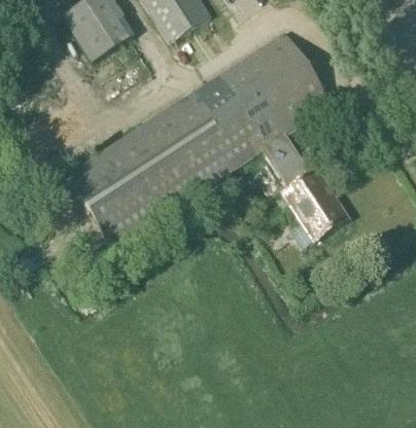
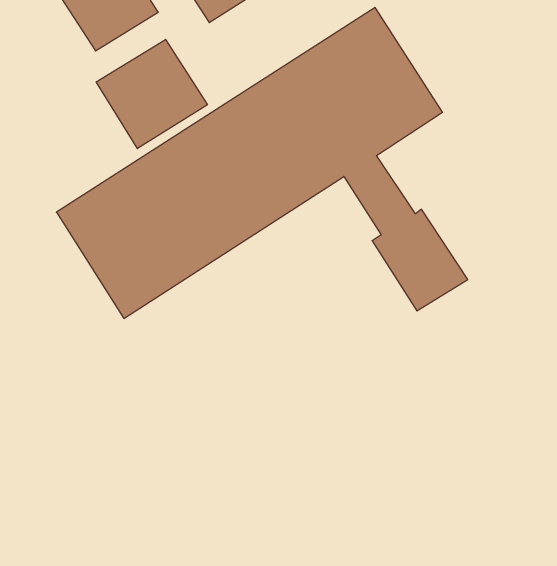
building: none -> [96,39,207,149]

